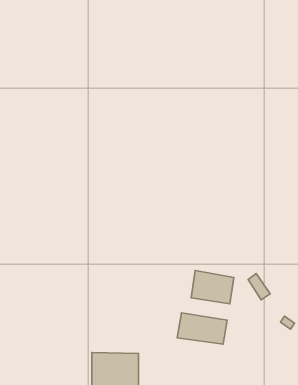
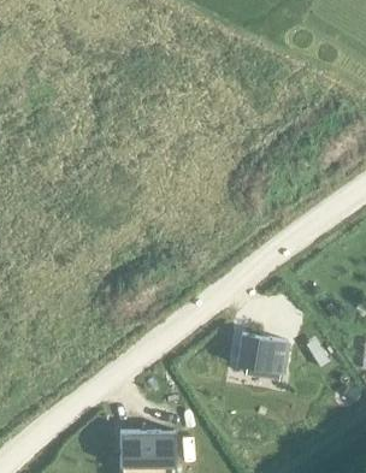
building: [177,313,227,344] -> none

